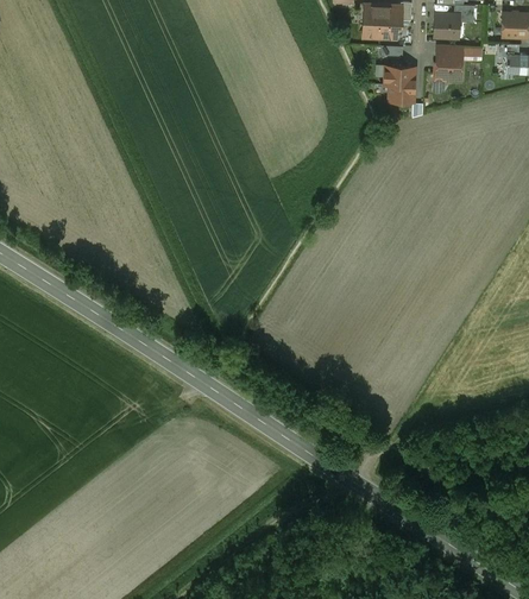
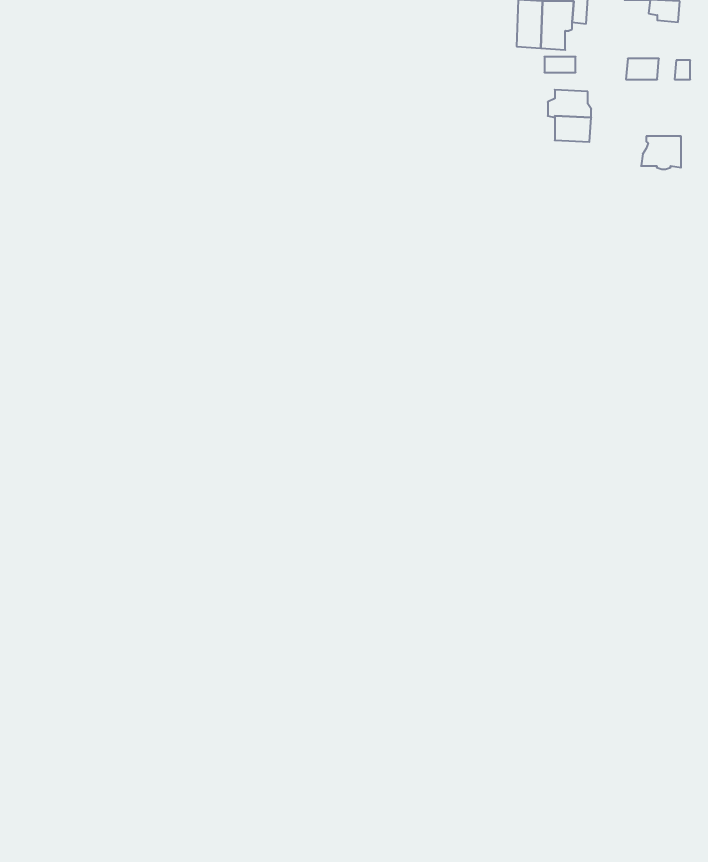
building: [434,14,459,38] -> none
building: [433,59,460,82] -> [641,136,681,169]

